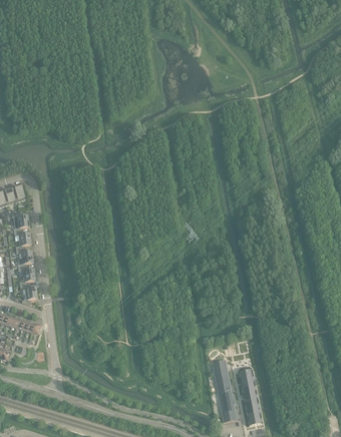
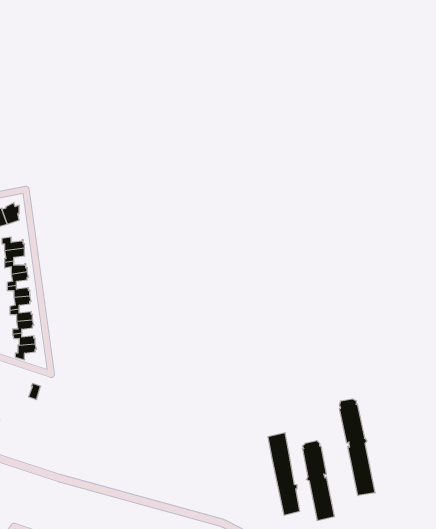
building: none -> [340,399,375,496]

